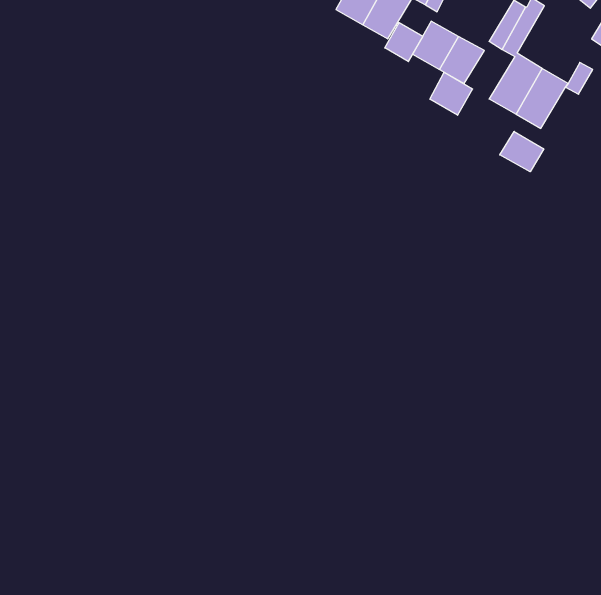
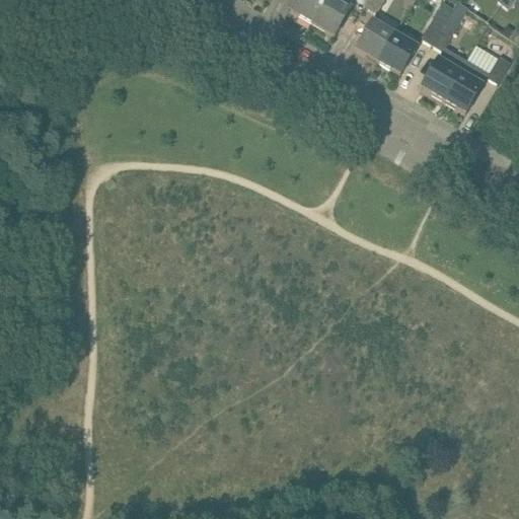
building: [385,23,423,62] -> none
building: [430,72,473,115] -> none
building: [500,131,544,172] -> none

